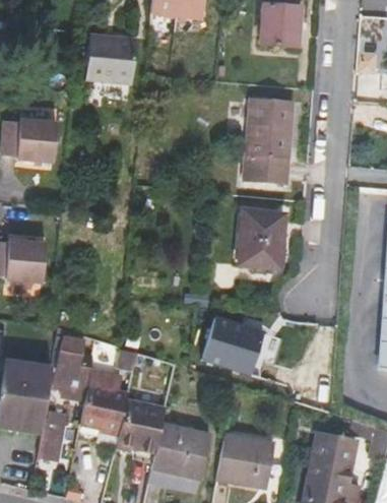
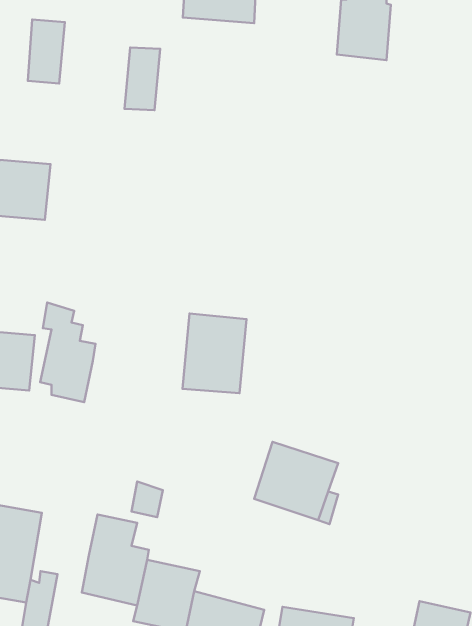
building: [88,35,115,80] -> [28,19,65,84]
building: [245,97,292,184] -> none
building: [239,211,284,268] -> [183,313,247,393]
building: [54,328,93,399] -> [40,302,96,402]

